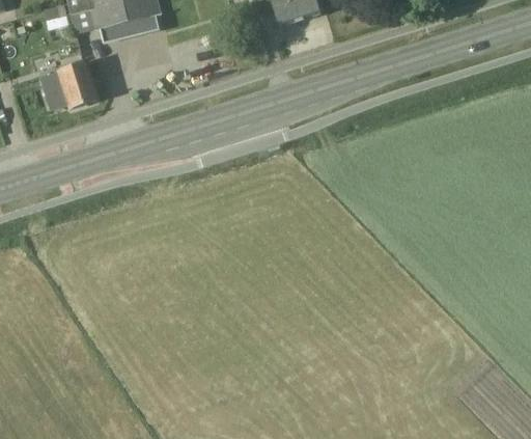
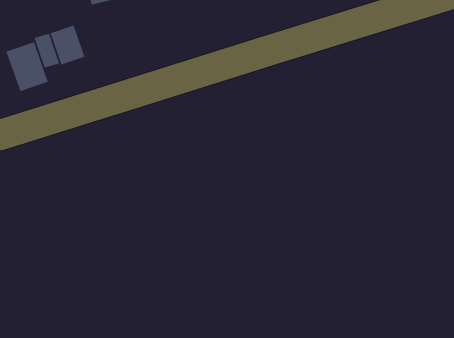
building: none -> [5,41,49,92]

